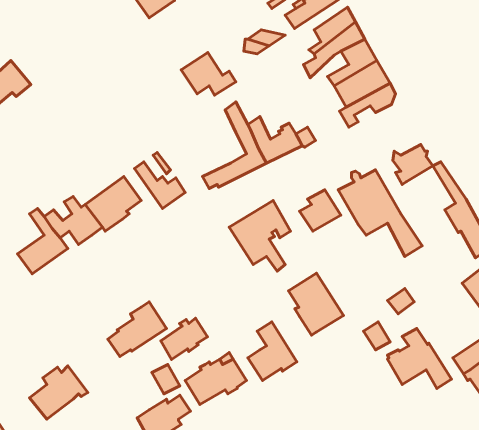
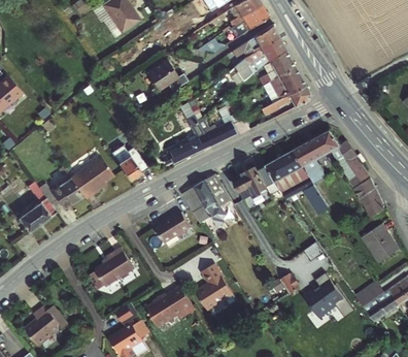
building: none -> [293,143,326,185]
building: [289,273,343,335] -> none
building: [161,318,208,359] -> [152,214,189,246]

